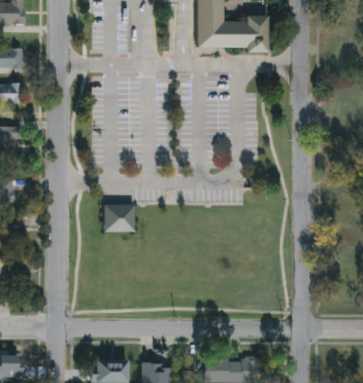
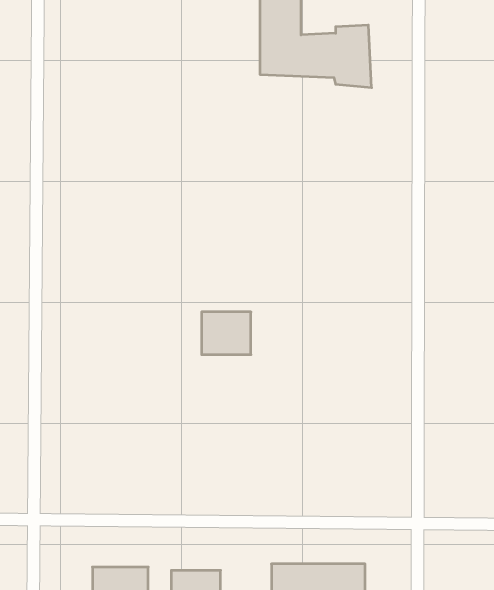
building: [105,207,136,234] -> [202,312,251,355]

